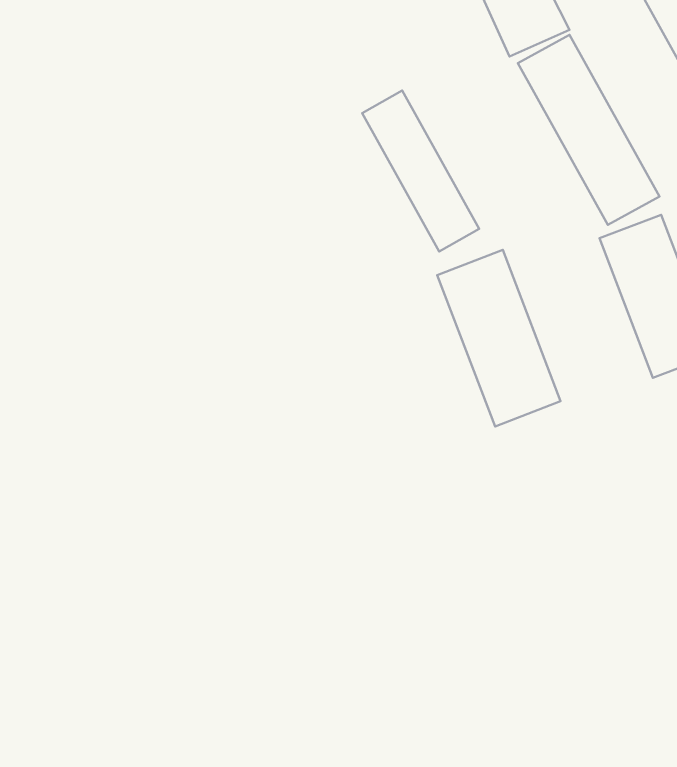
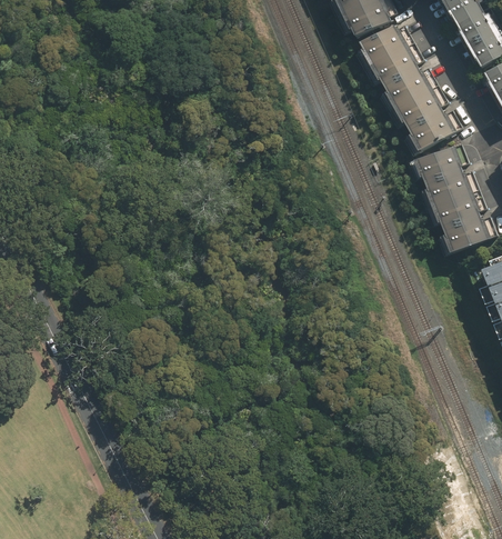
building: [362,91,479,251] -> none
building: [437,250,561,427] -> none

